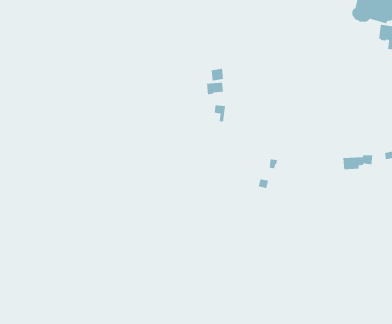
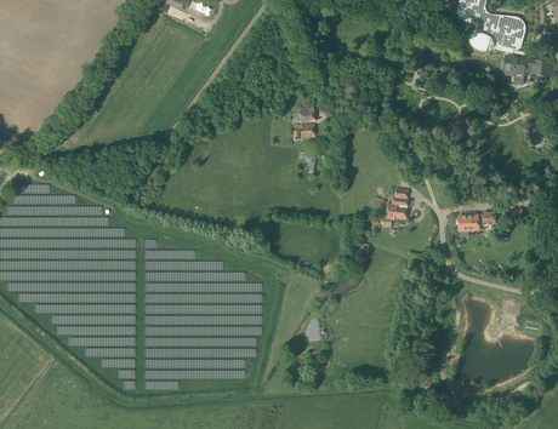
building: none -> [382,188,409,225]

